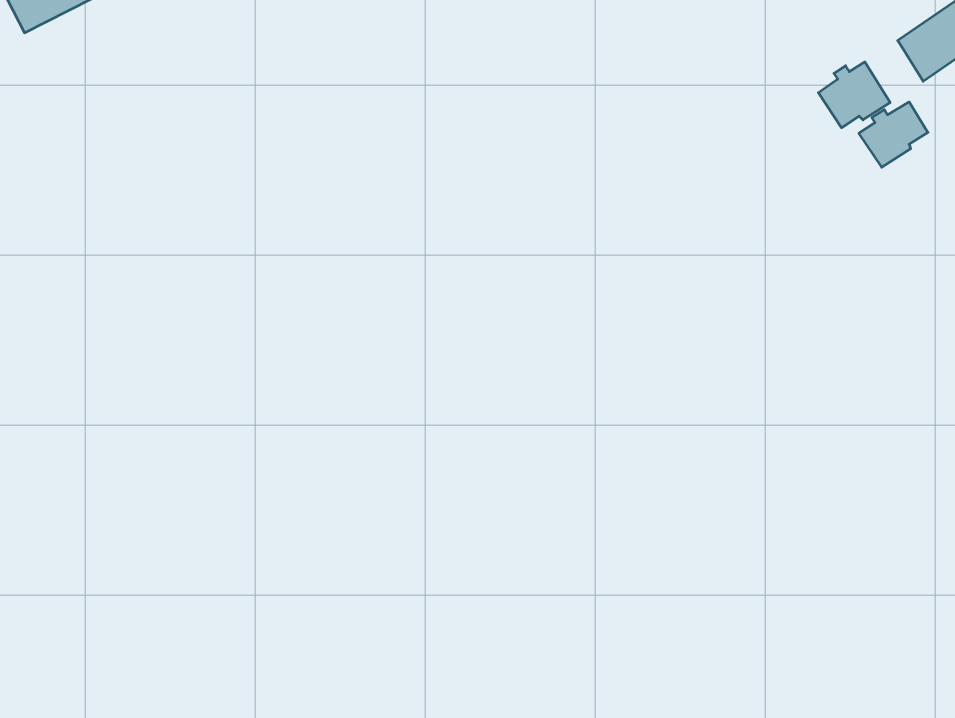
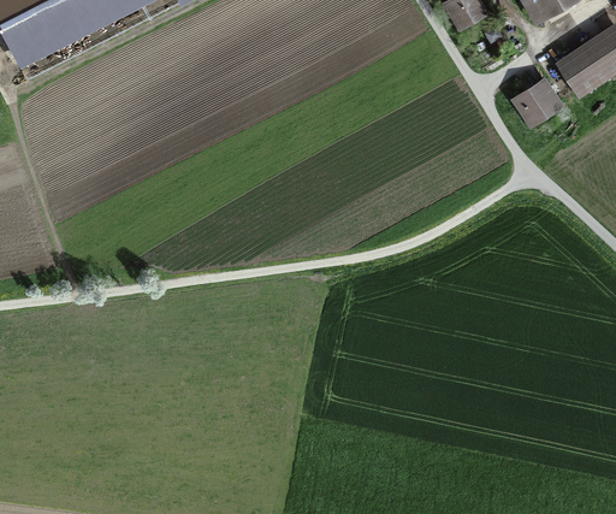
building: [859,102,928,167] -> none

